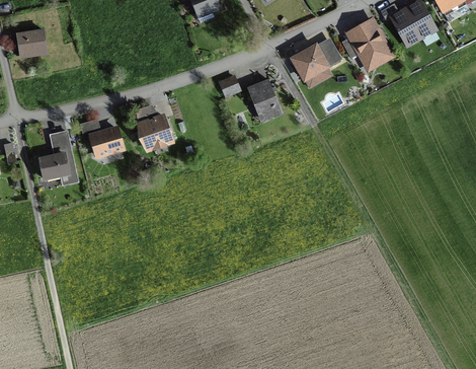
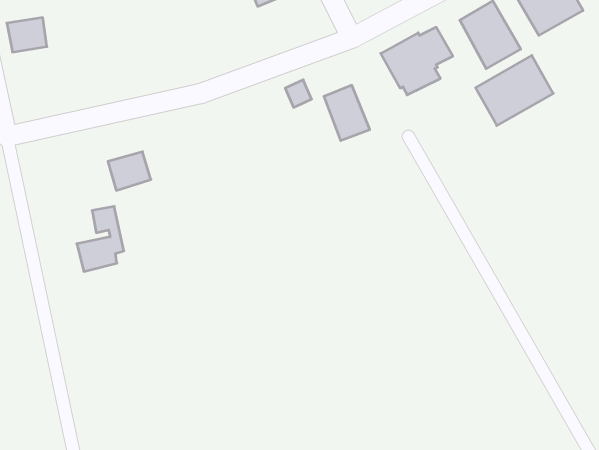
building: none -> [476,55,553,126]
building: [136,107,171,150] -> none
building: [38,132,73,179] -> [77,206,124,271]

